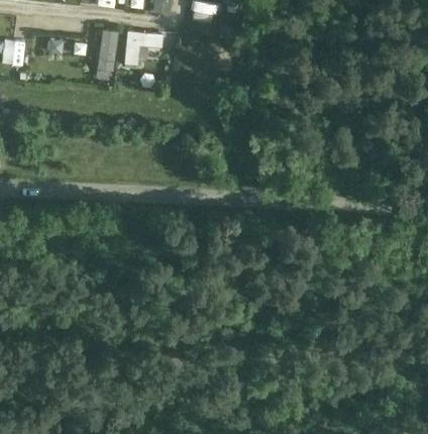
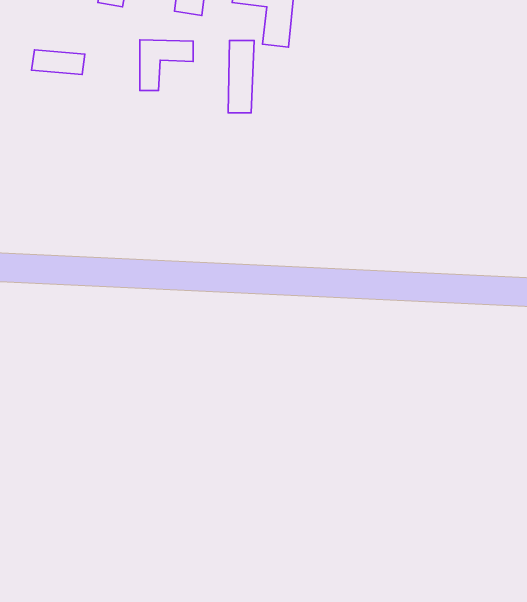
building: [97,28,115,79] -> [228,40,254,113]

